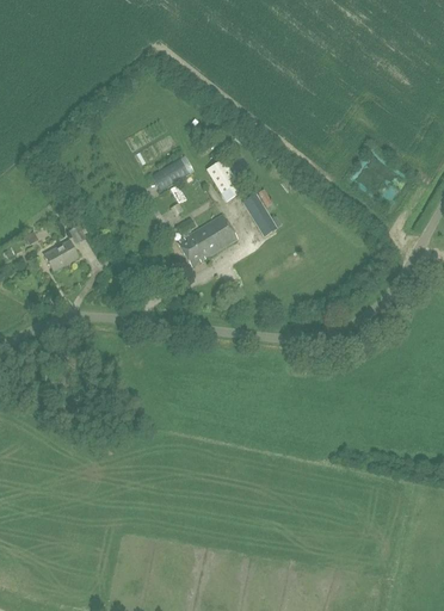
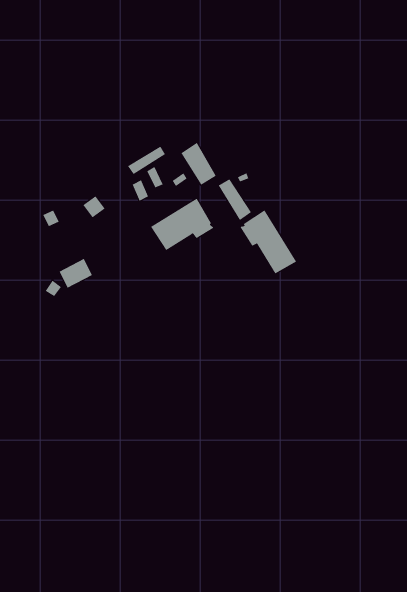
building: none -> [240,209,297,274]
building: [43,240,76,270] -> [59,258,93,289]

